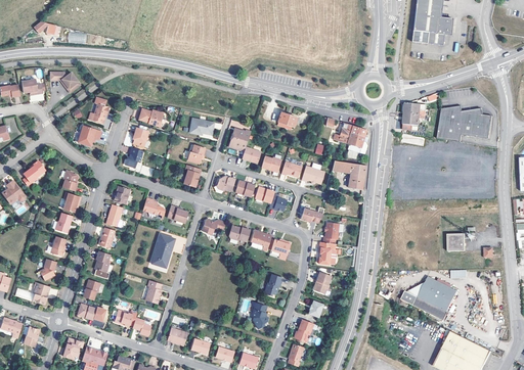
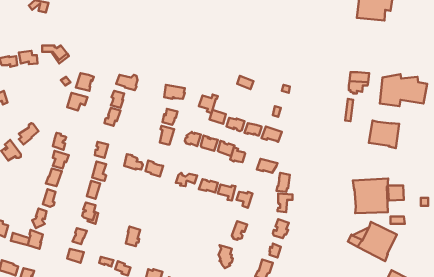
building: [329,122,367,154] -> none
building: [328,156,361,185] -> none
building: none -> [369,120,399,148]
building: none -> [353,178,388,213]
building: [151,235,175,269] -> none

